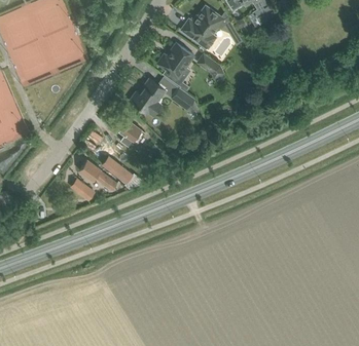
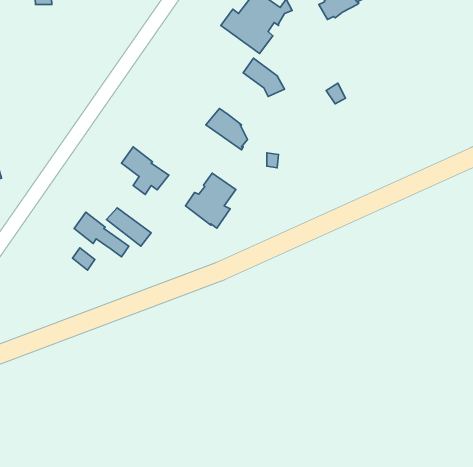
building: [157,42,194,84] -> none
building: [132,79,167,117] -> [186,173,236,228]

